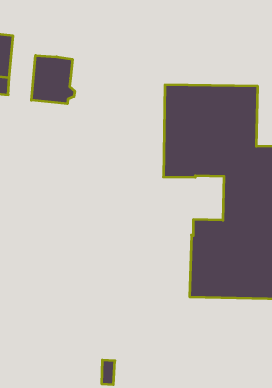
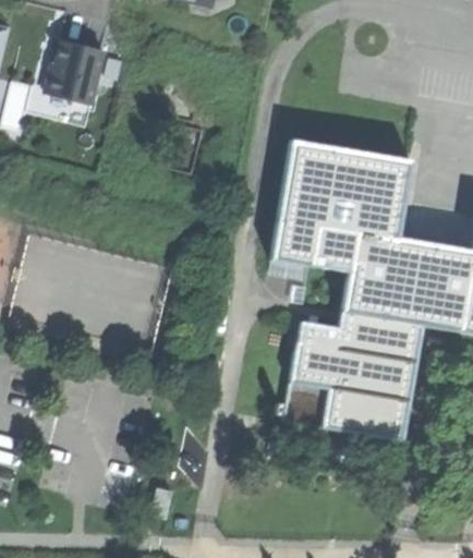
building: [31,55,75,104] -> none

